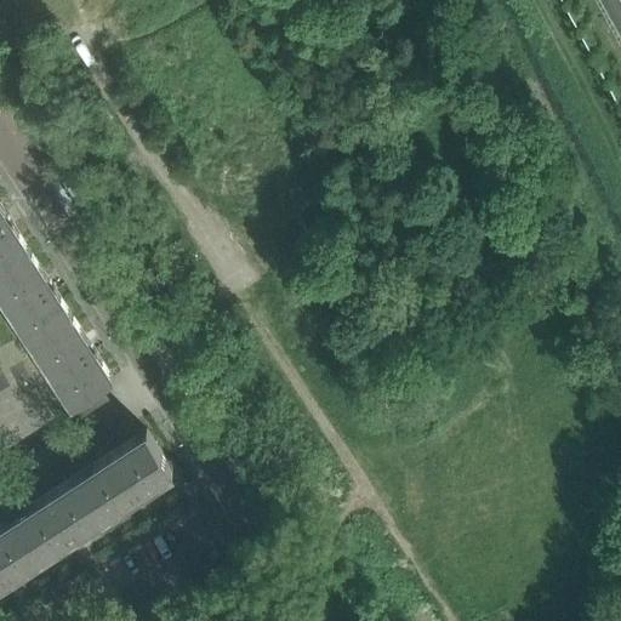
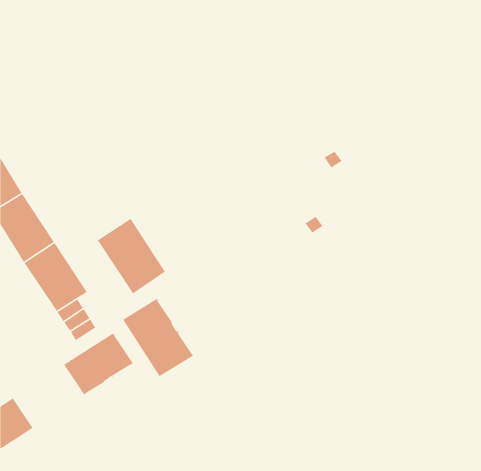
building: none -> [97,218,166,294]
building: none -> [122,298,194,377]
building: [17,483,108,565] -> none

